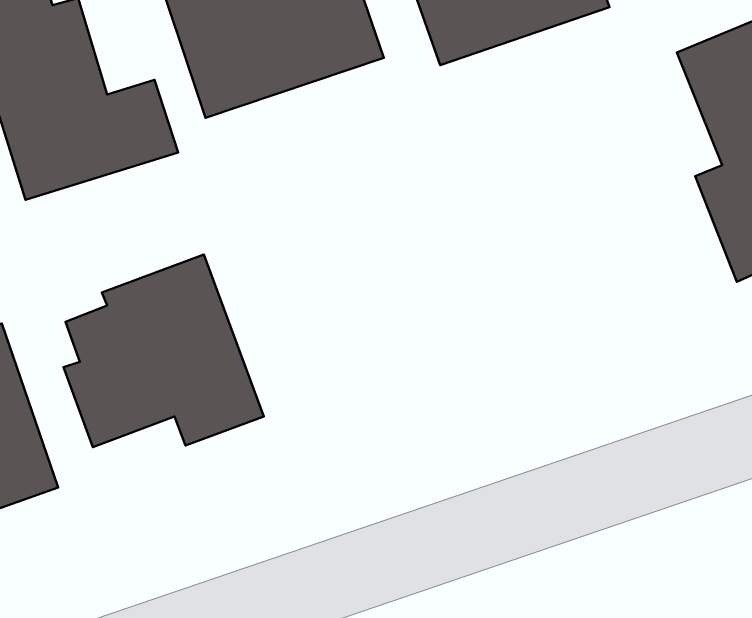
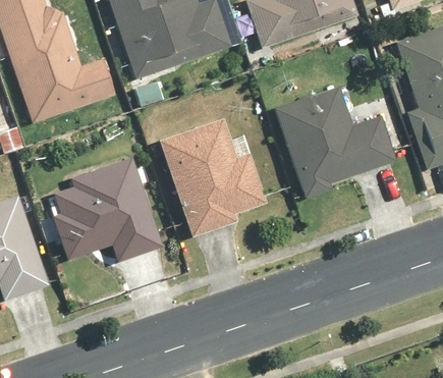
building: none -> [276,88,392,198]
building: none -> [159,120,265,238]

